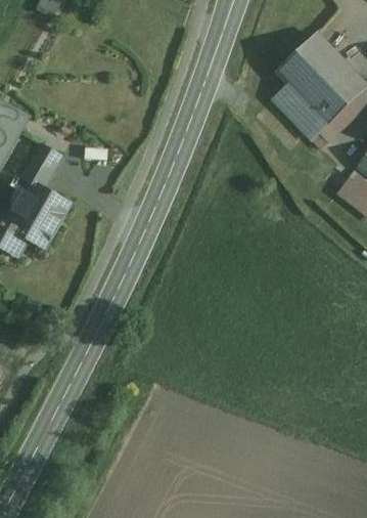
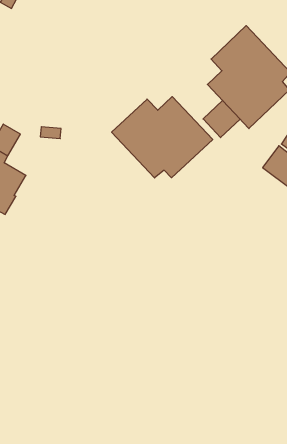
building: none -> [112,97,213,178]
building: none -> [203,100,240,138]

